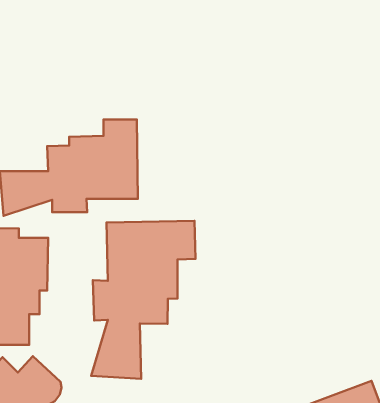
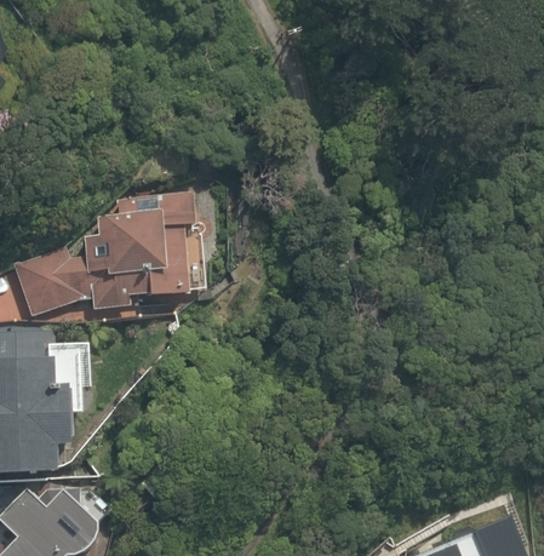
building: [91,221,196,379] -> none

